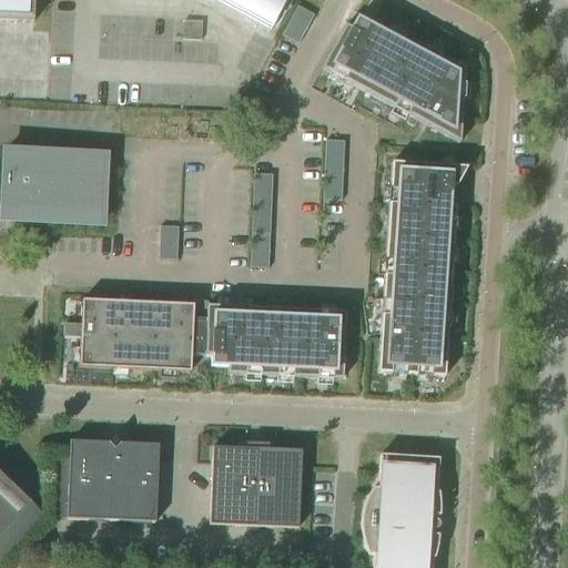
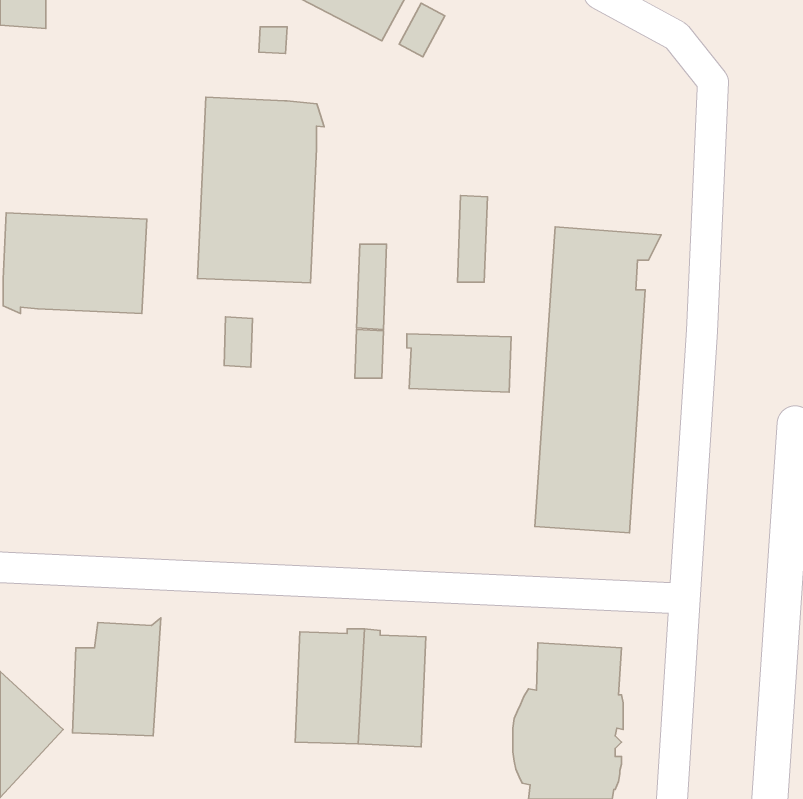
building: [323,17,466,140] -> none
building: none -> [197,97,324,283]
building: none -> [407,334,511,392]
building: [64,297,346,376] -> none
building: [110,435,160,520] -> none

